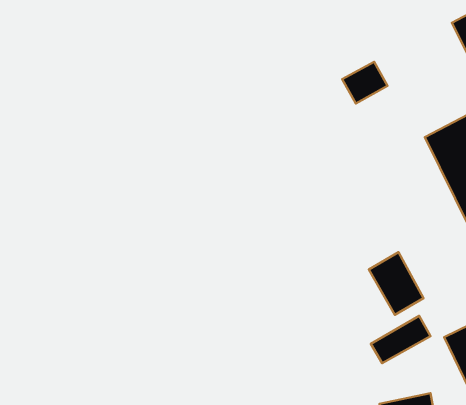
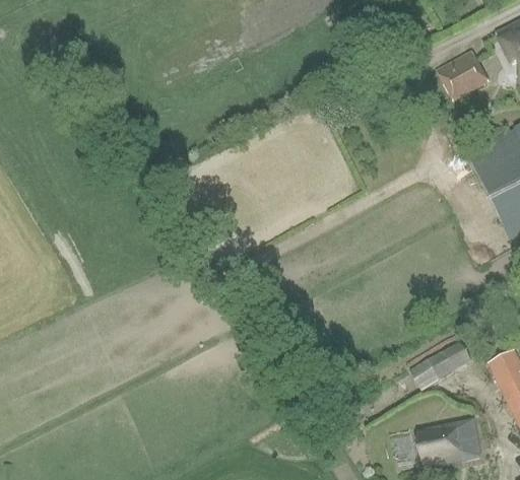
building: [342,62,388,103] -> [439,51,486,94]
building: [369,252,424,315] -> none

